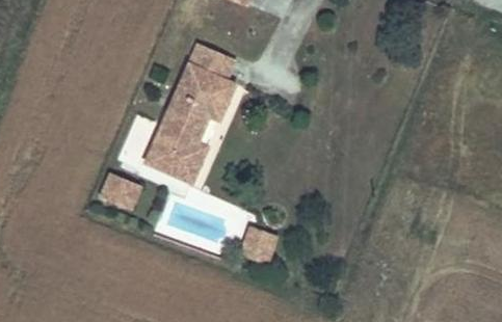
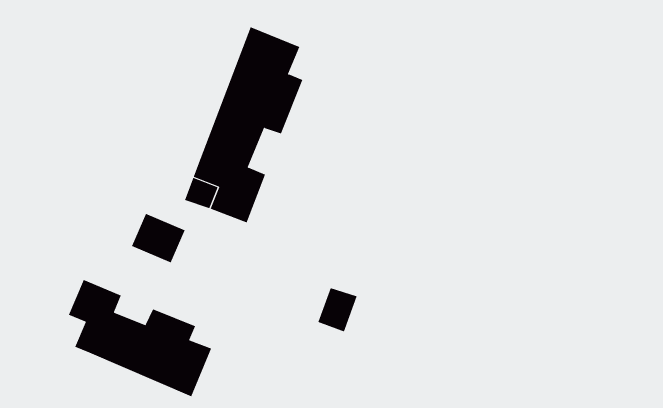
building: none -> [68,279,212,397]

